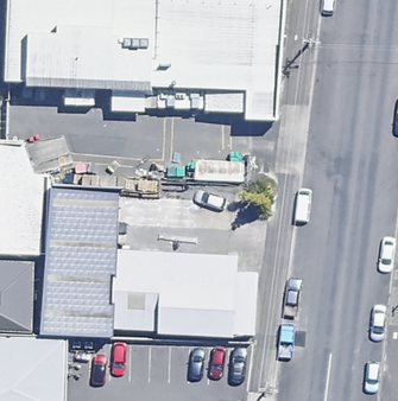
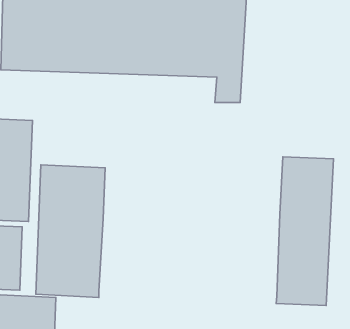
building: none -> [276,157,333,305]
building: [114,249,259,338] -> none

